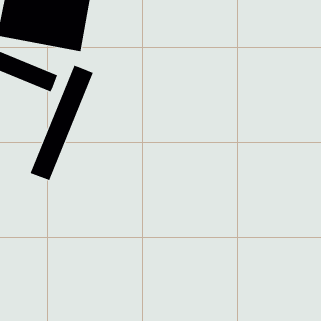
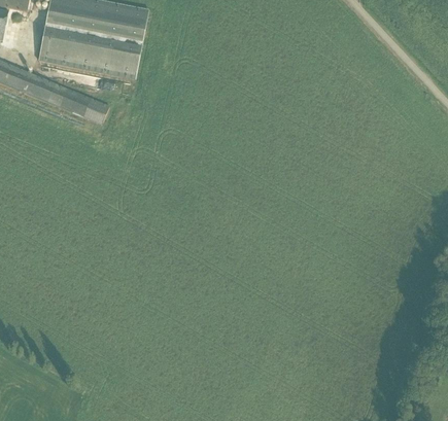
building: [30,65,93,181] -> none

